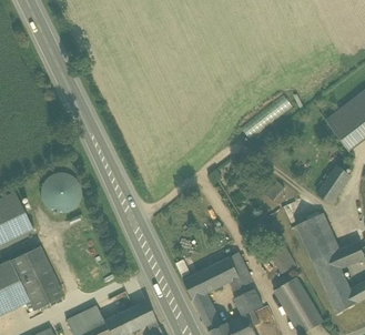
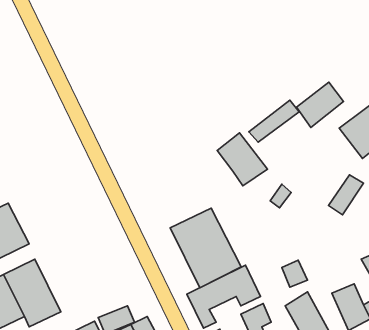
building: none -> [296,82,344,128]
building: none -> [217,133,267,186]
building: [41,172,81,212] -> none
building: none -> [170,208,241,288]
building: [296,213,348,278] -> none

